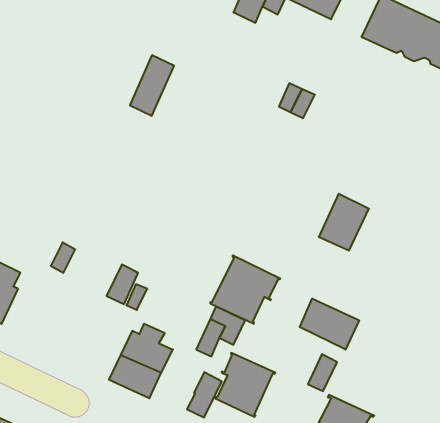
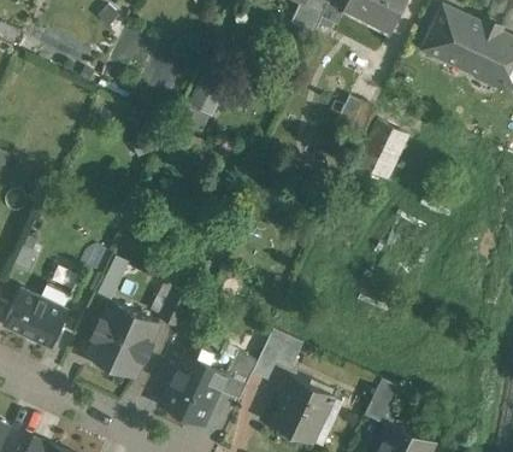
building: [319,194,369,251] -> [355,119,407,178]
building: [210,255,280,324] -> none
building: none -> [87,301,158,376]
building: [300,299,359,350] -> none
building: [187,372,222,417] -> [219,352,255,399]

